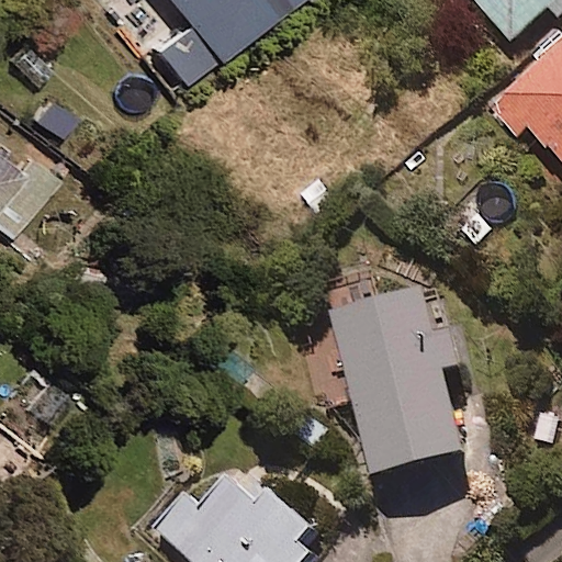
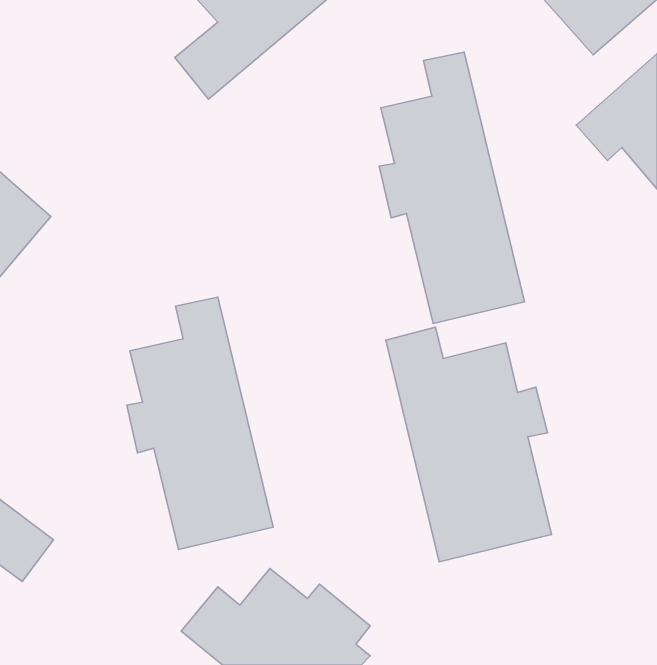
building: none -> [379,52,524,324]
building: none -> [127,297,273,550]

